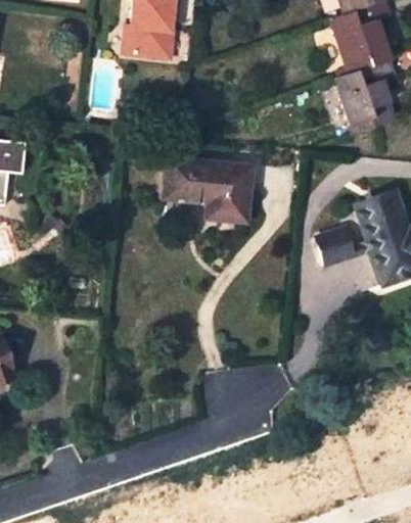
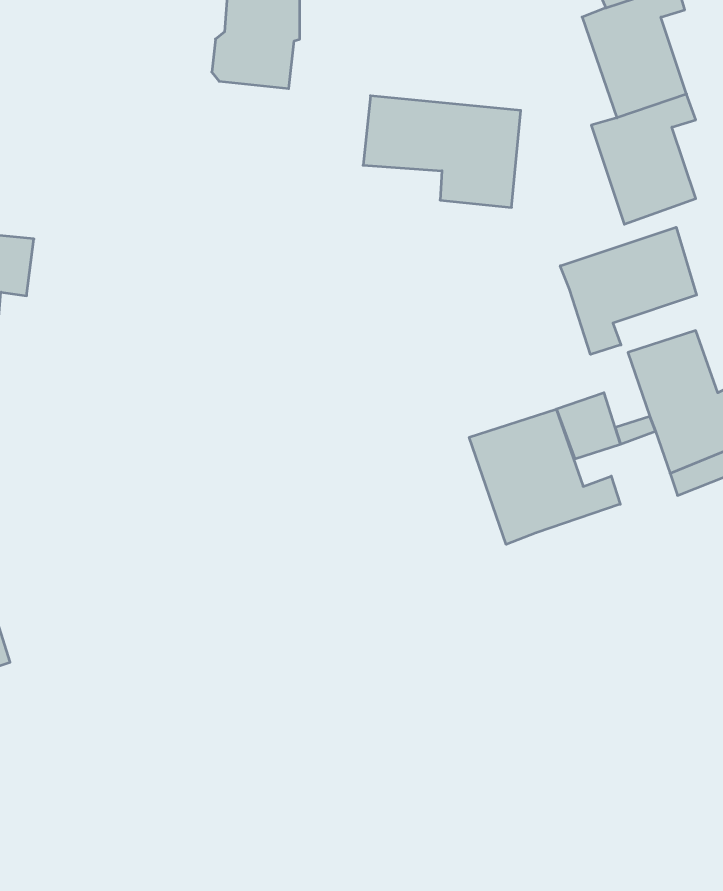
building: none -> [560,227,697,354]
building: [164,159,252,222] -> [363,96,521,207]
building: none -> [469,409,620,544]

